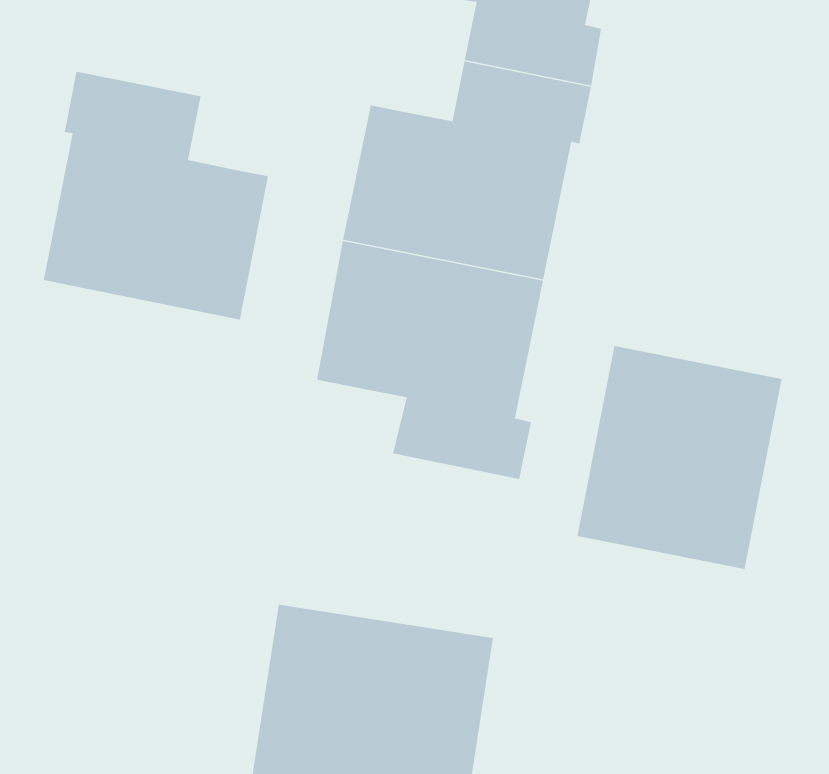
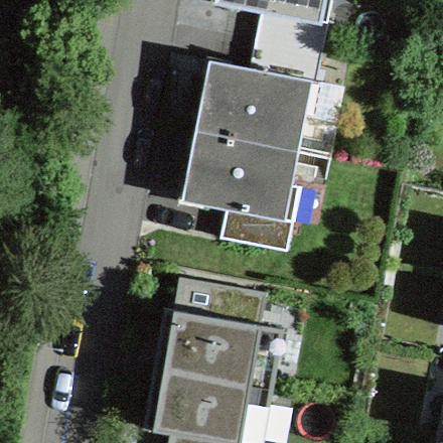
building: [43,71,269,321] -> none
building: [577,345,783,570] -> none

